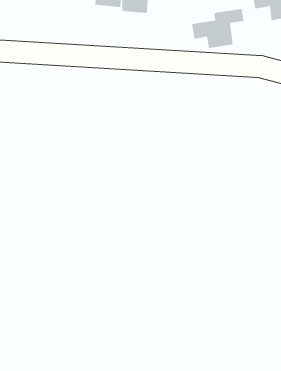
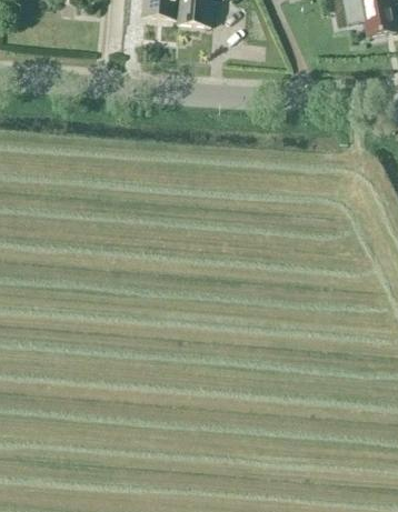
building: [192,8,244,49] -> none

